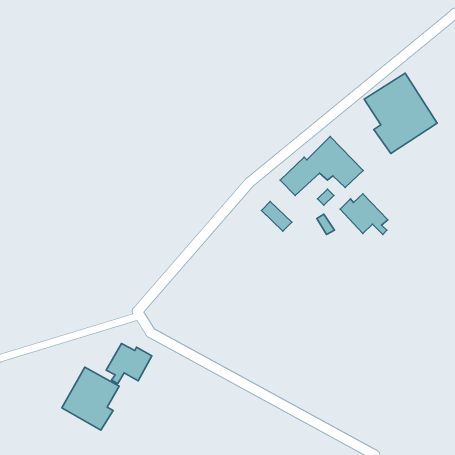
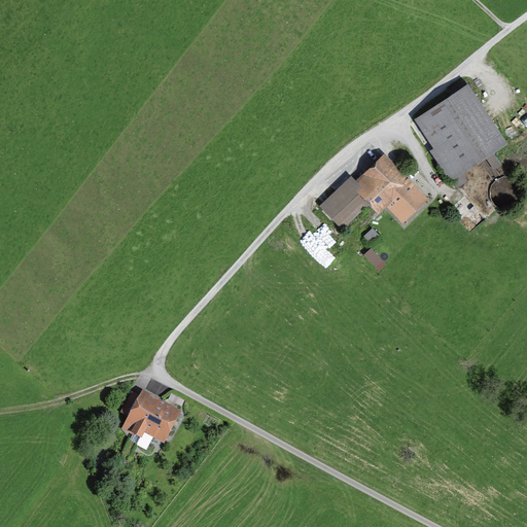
building: [340,194,388,234] -> none
building: [62,367,119,430] -> none

